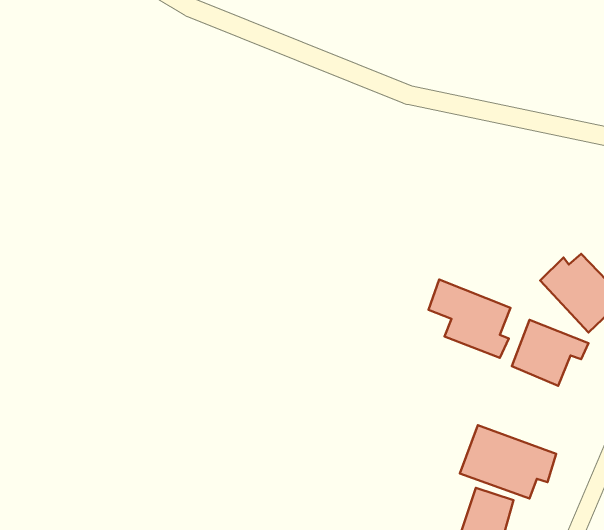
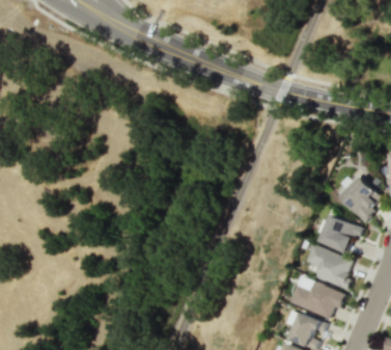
building: [428,279,511,358] -> [305,244,353,290]

